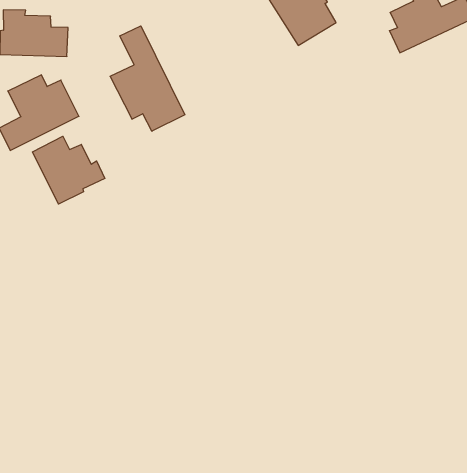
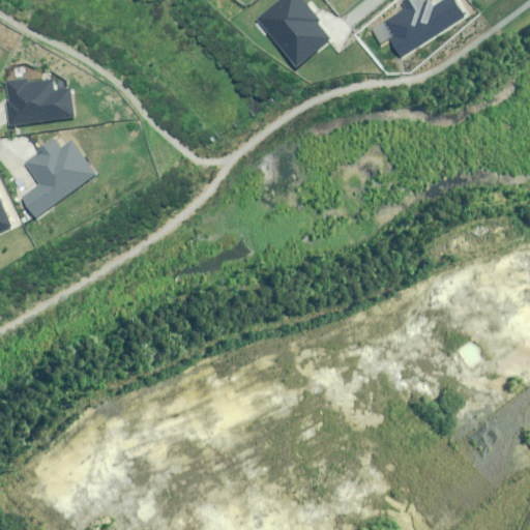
building: [110,26,185,131] -> none
building: [32,136,105,204] -> none

